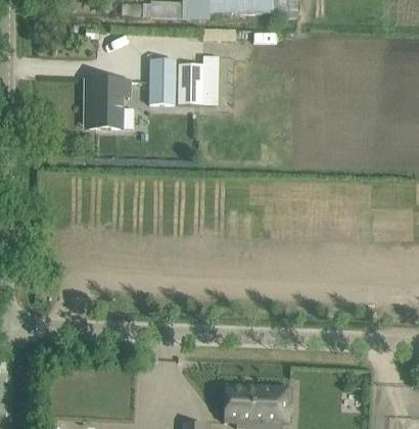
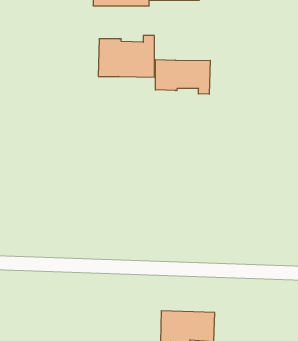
building: [85,80,134,127] -> none
building: none -> [155,60,210,94]

